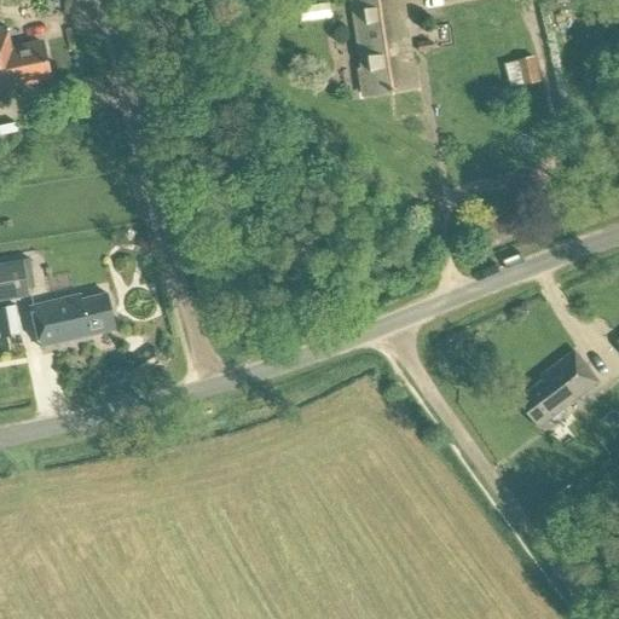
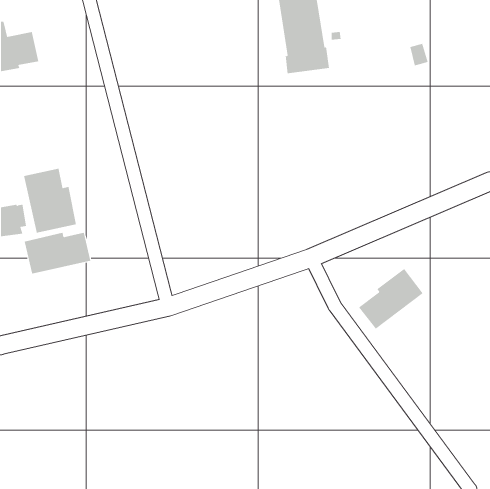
building: none -> [24,168,77,234]
building: [515,349,597,427] -> [358,268,424,330]

